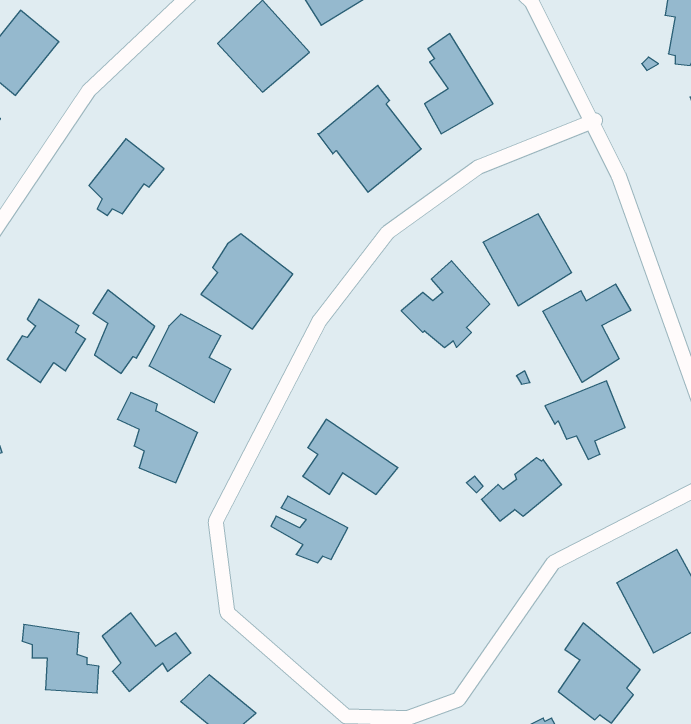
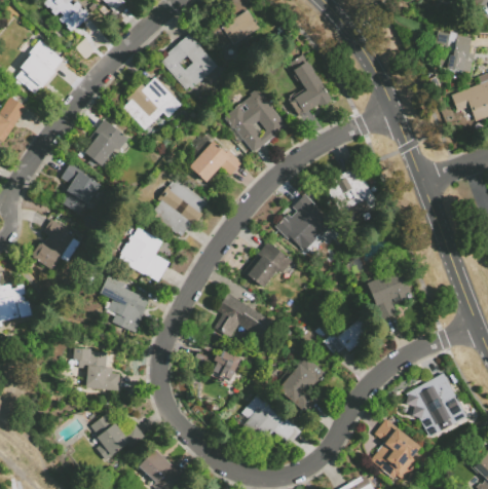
building: none -> [124,78,181,129]
building: none -> [187,134,240,181]
building: [543,284,631,382] -> none
building: [93,290,155,373] -> [62,162,100,214]
building: none -> [245,242,293,288]
building: none -> [274,355,328,413]
building: none -> [241,396,301,444]
building: [22,624,99,693] -> [73,348,120,390]

